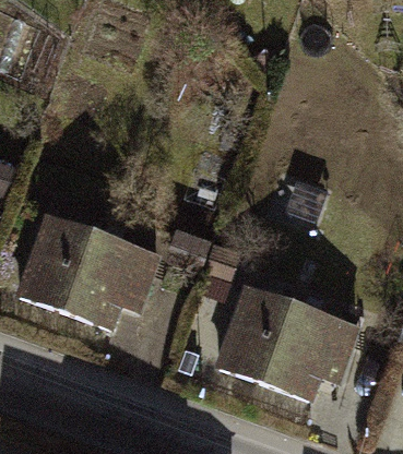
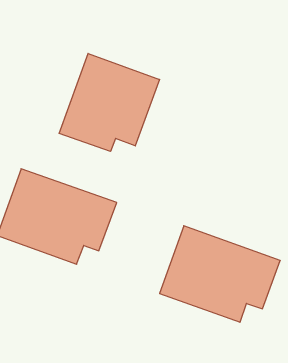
building: none -> [59,53,160,151]

